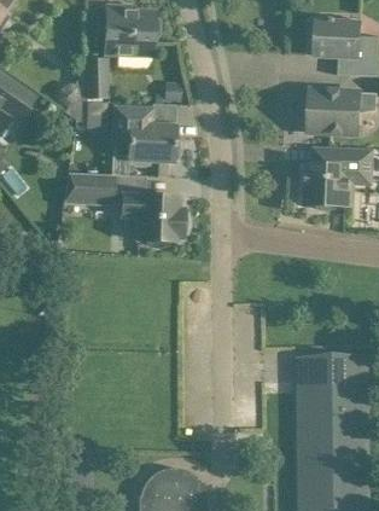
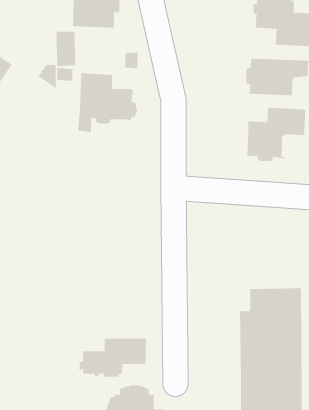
building: [63,173,113,205] -> none
building: [121,193,190,246] -> none
building: none -> [79,338,147,377]

